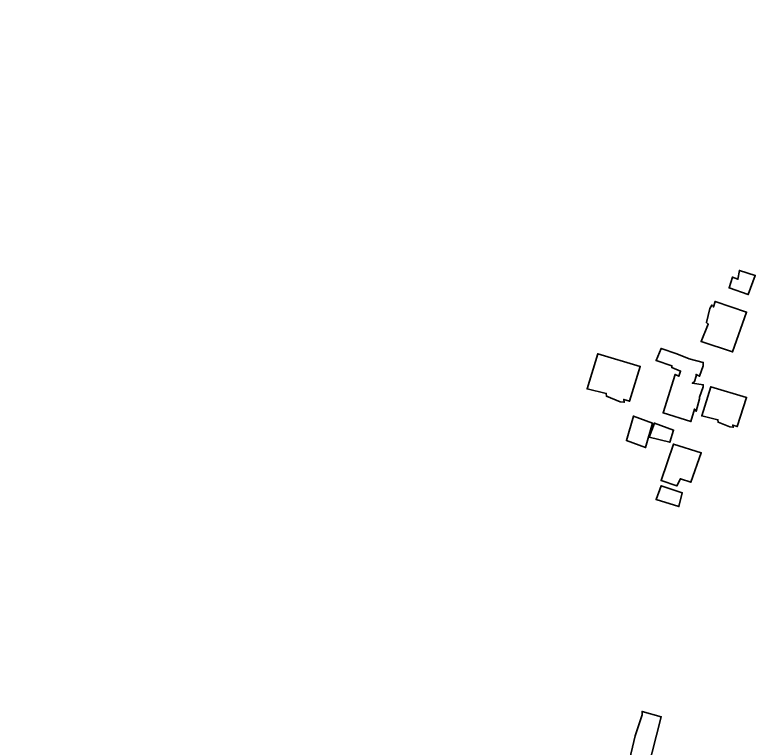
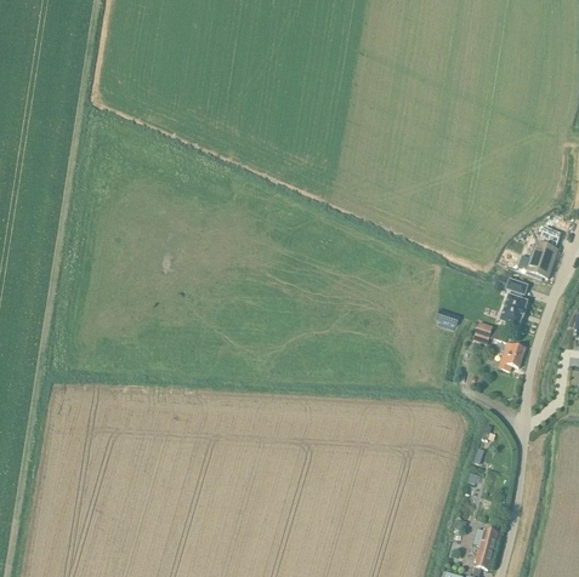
building: [587,354,640,402] -> none
building: [702,387,746,427] -> none

